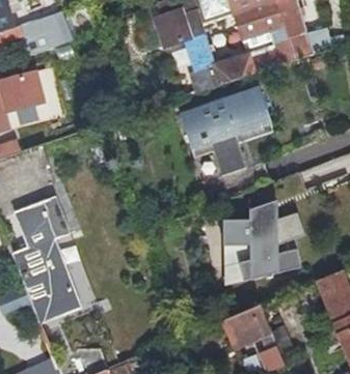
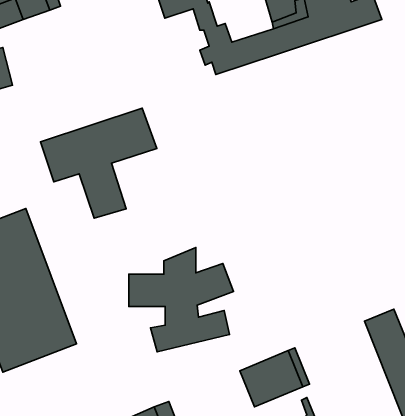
building: [182,89,272,174] -> [41,108,157,218]
building: [223,200,304,281] -> [129,247,233,352]

